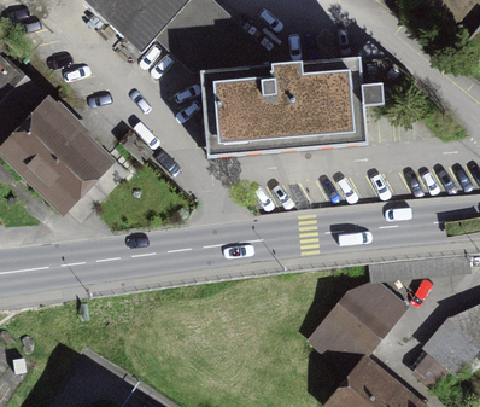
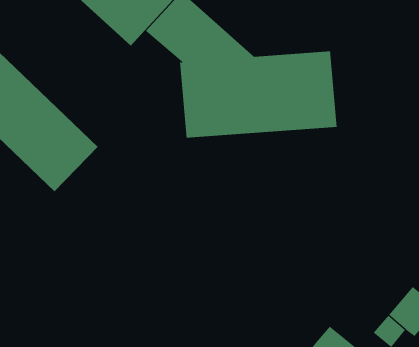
building: [308,285,405,378] -> none

